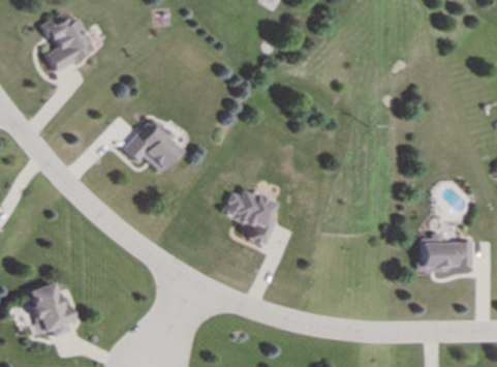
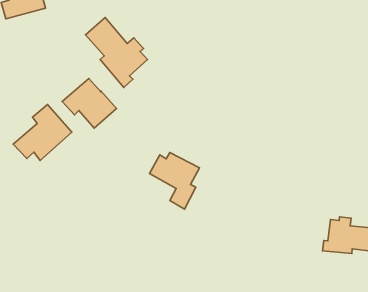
building: none -> [86,17,147,87]
building: none -> [13,105,72,160]

